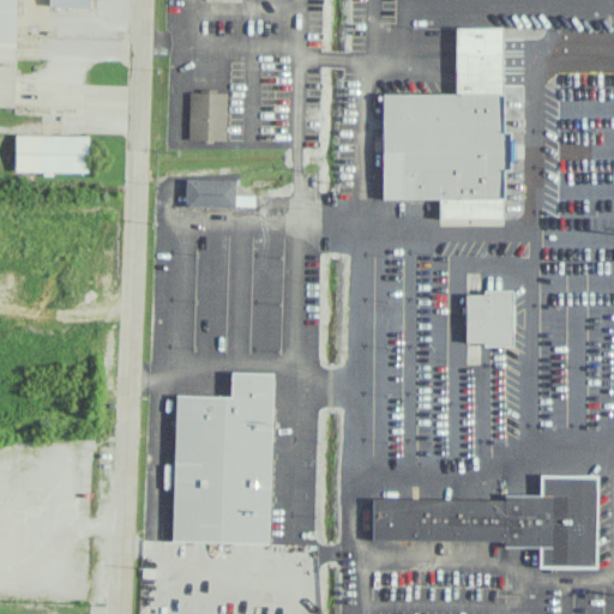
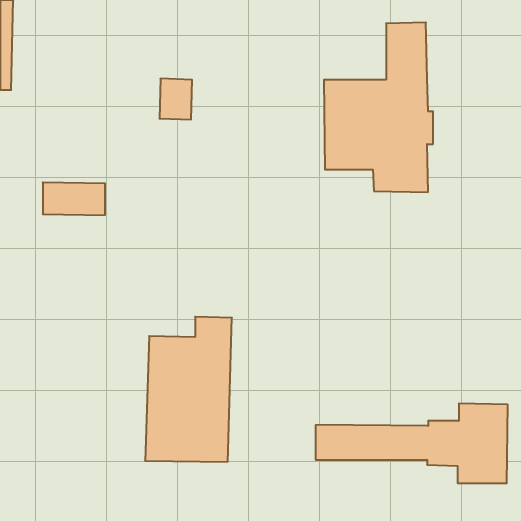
building: [16,136,89,174] -> [43,182,105,215]
building: [186,180,236,209] -> none
building: [465,291,512,347] -> none

